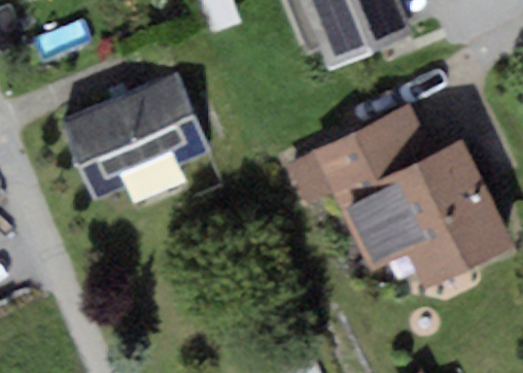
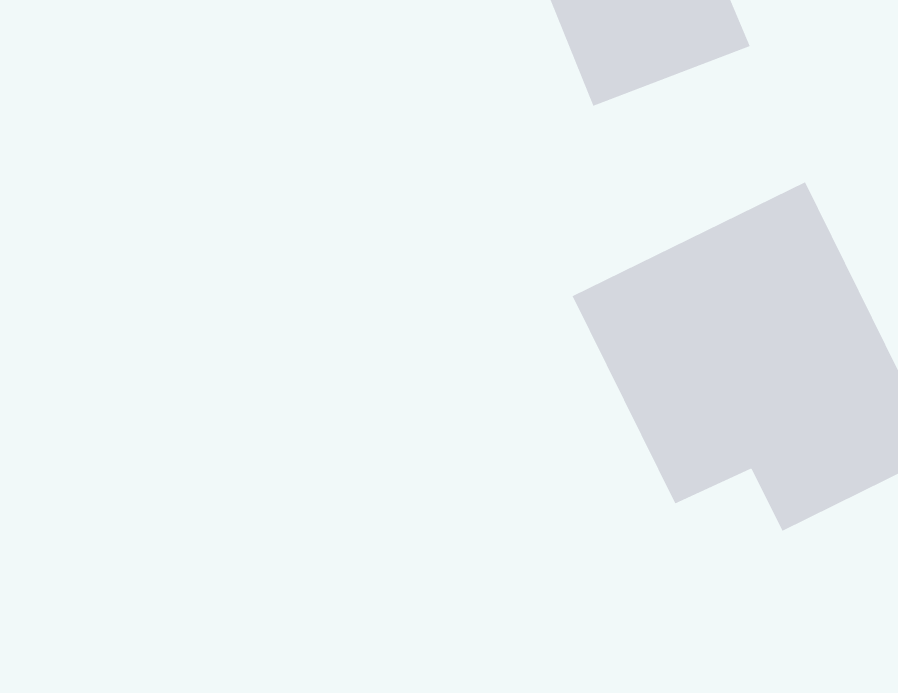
building: [67,76,206,198] -> none

